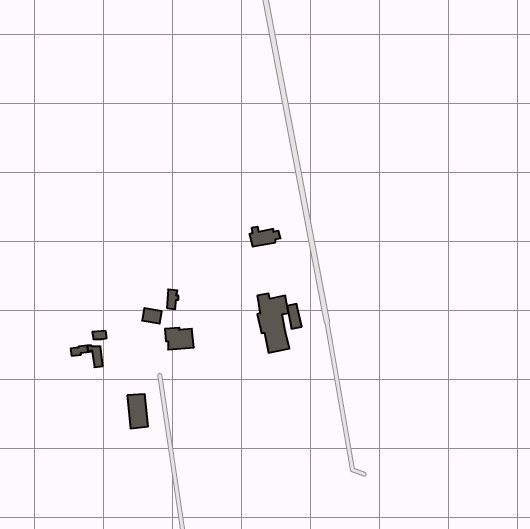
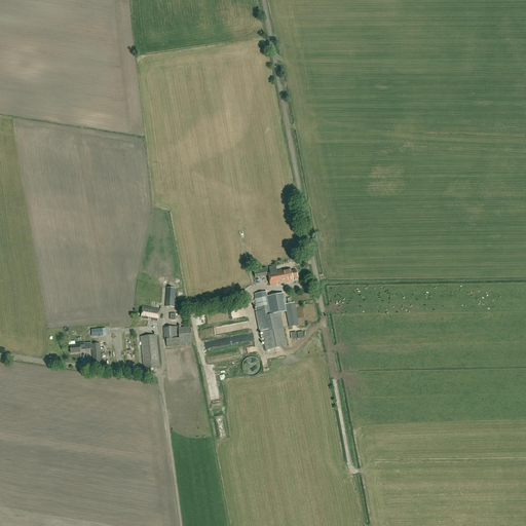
building: [249,227,281,247] -> [267,265,298,285]
building: [127,394,148,428] -> [140,334,160,368]

